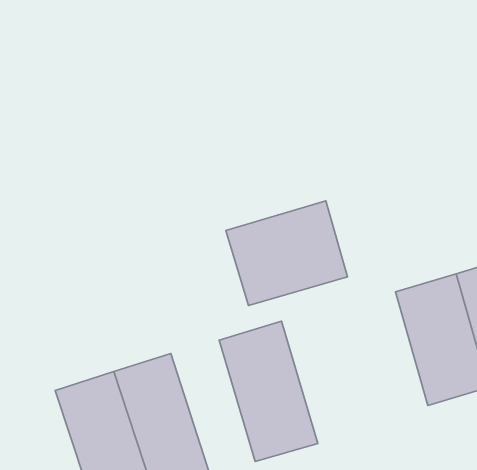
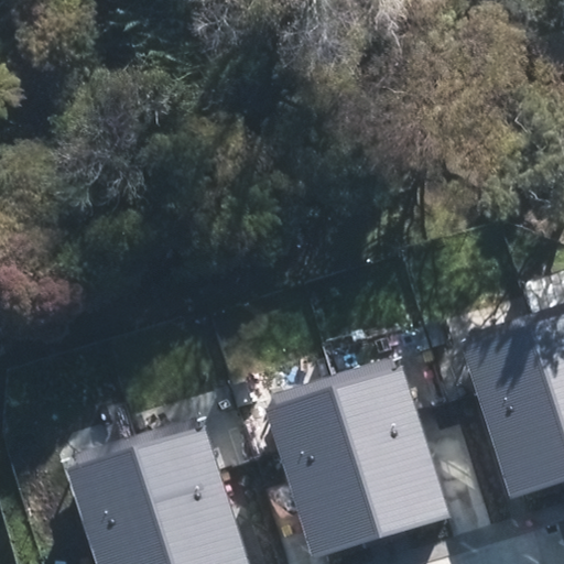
building: [226,201,348,306] -> none
building: none -> [336,373,440,532]

